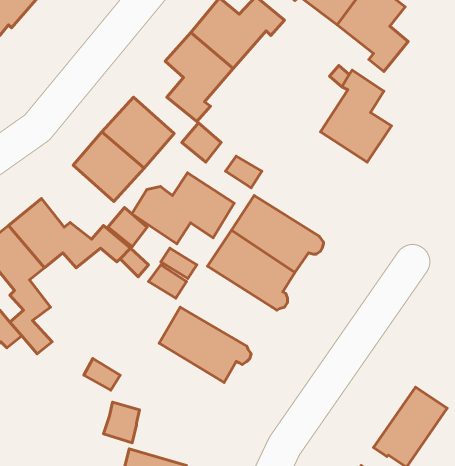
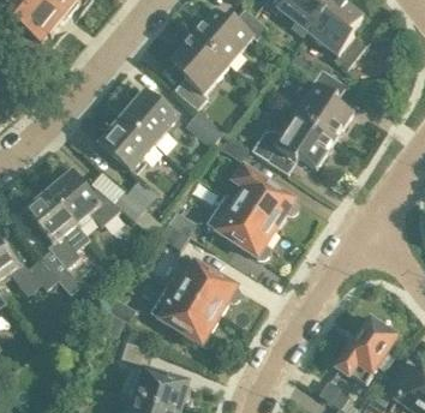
building: [132,173,234,244] -> [251,116,333,173]
building: none -> [150,285,219,345]

